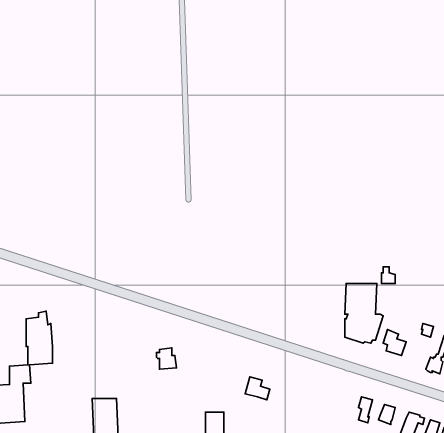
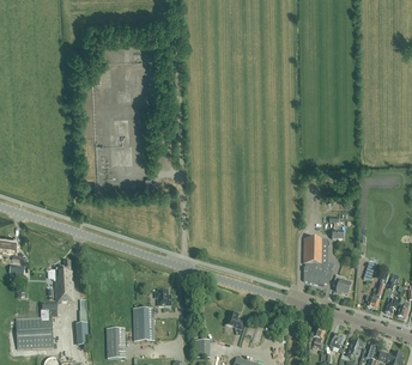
building: none -> [133,308,158,340]

